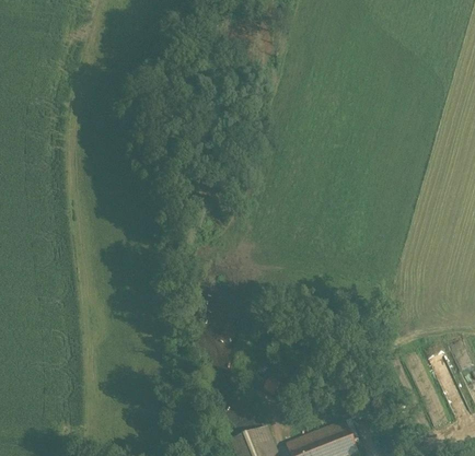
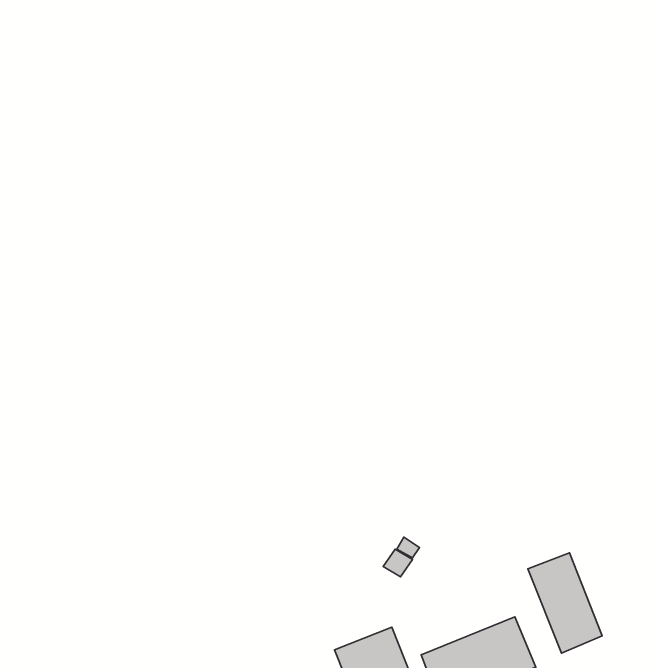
building: none -> [528,553,602,653]

